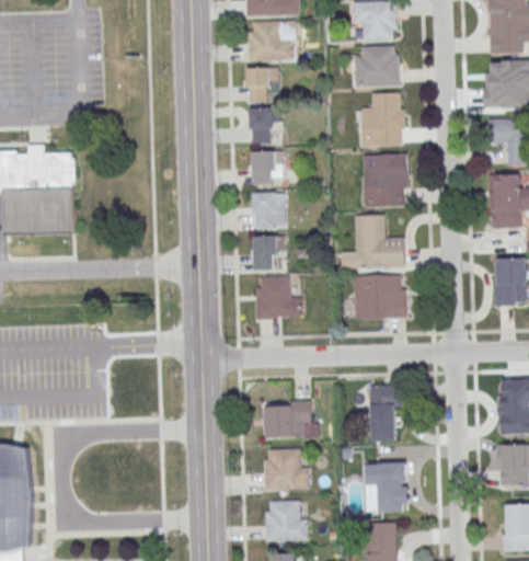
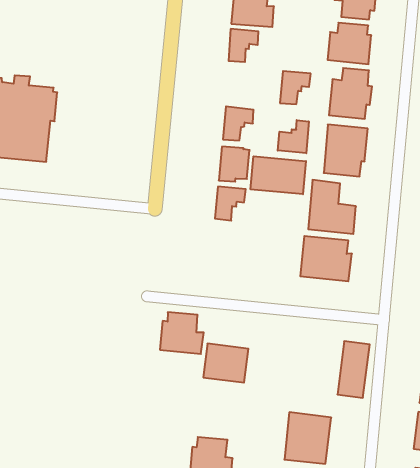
building: [252,107,281,142] -> [280,71,311,104]
building: none -> [278,120,309,153]
building: none -> [251,156,306,194]
building: [255,276,301,319] -> none
building: [370,385,398,442] -> [337,341,370,398]
building: [263,448,308,490] -> [160,312,204,354]

